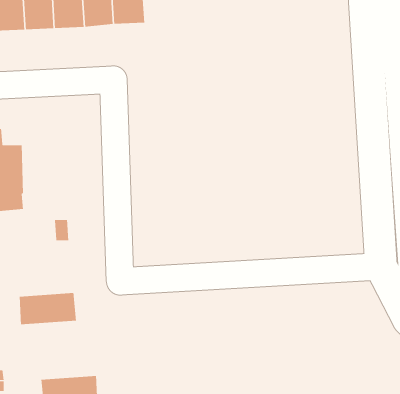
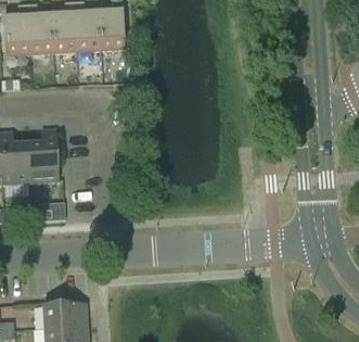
building: none -> [27,128,57,182]
building: [19,292,77,325] -> [40,302,86,328]

